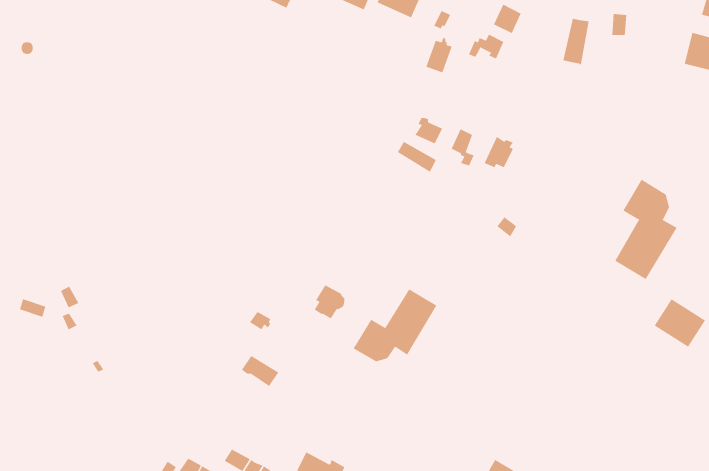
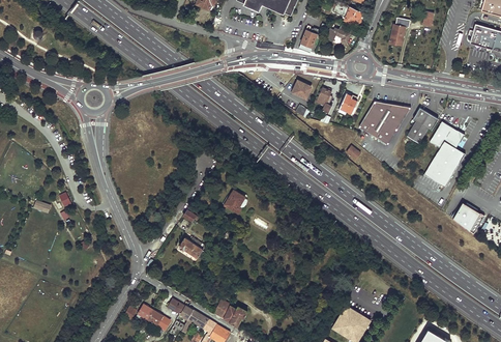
building: none -> [359,102,411,145]
building: none -> [408,108,438,143]
building: [353,288,437,362] -> none

